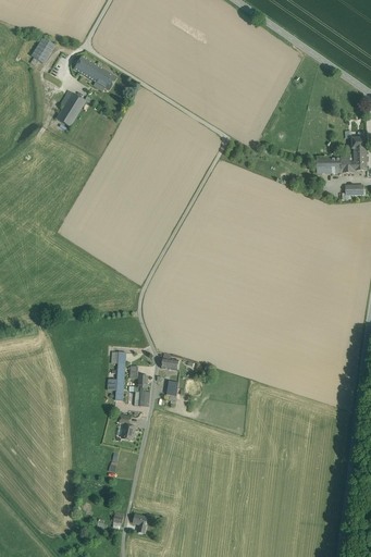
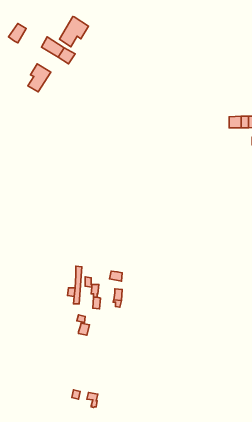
building: none -> [59,16,89,47]

